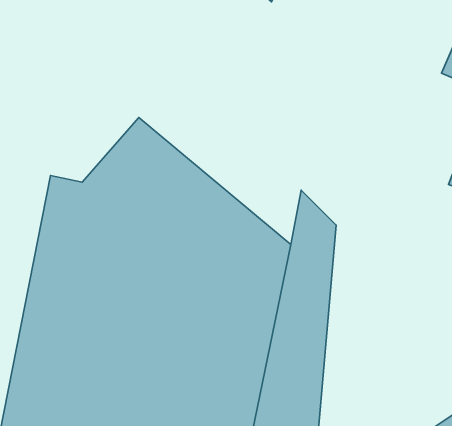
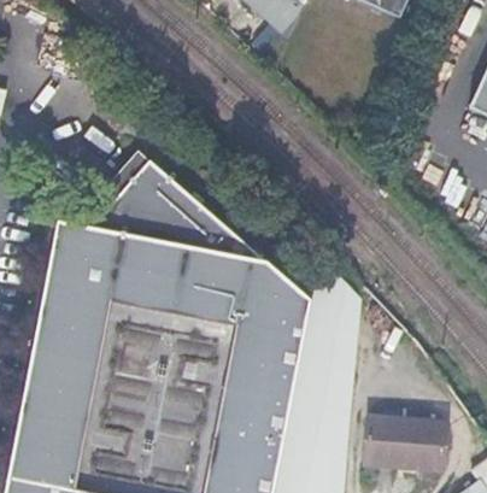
building: none -> [363,412,442,462]

